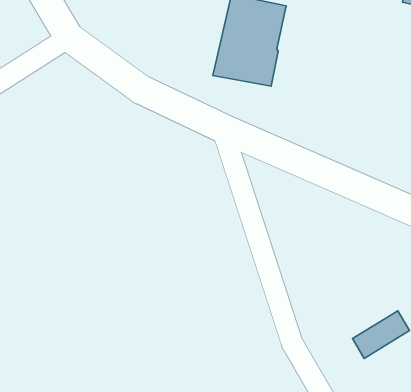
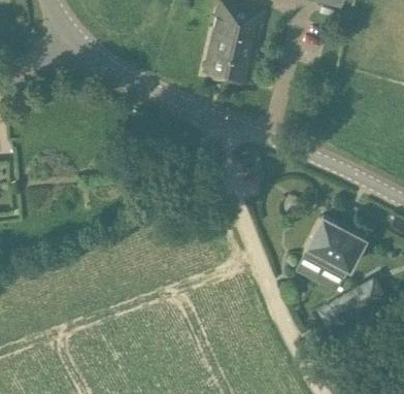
building: none -> [300,217,363,278]

